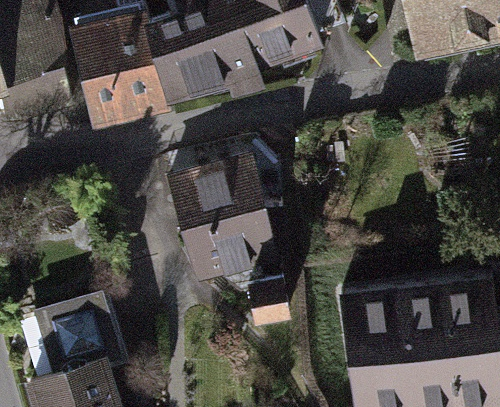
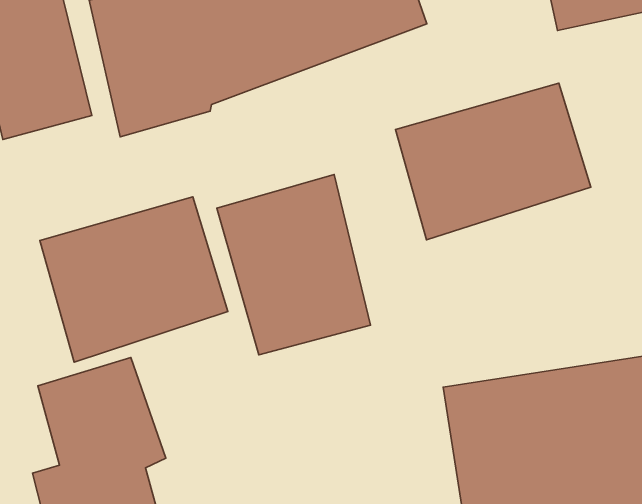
building: none -> [396,83,591,240]
building: none -> [40,197,228,362]

